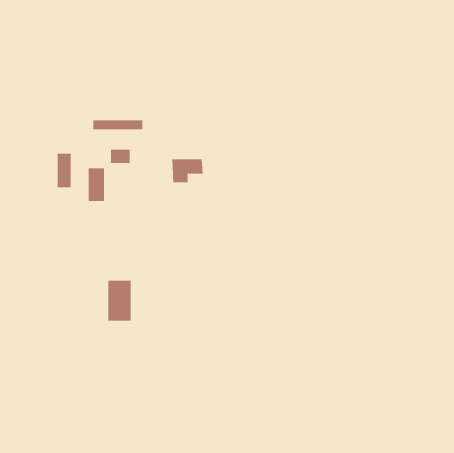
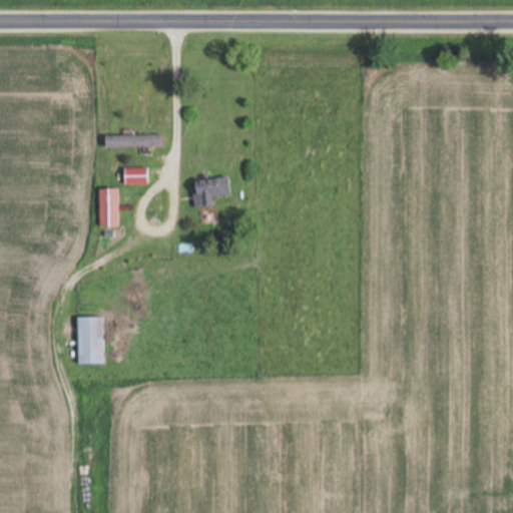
building: [57,153,71,188] -> none
building: [107,280,131,321] -> [77,318,104,364]

